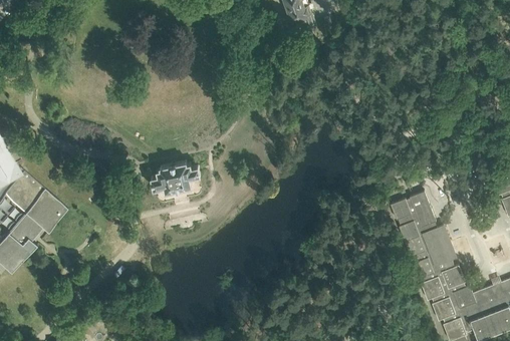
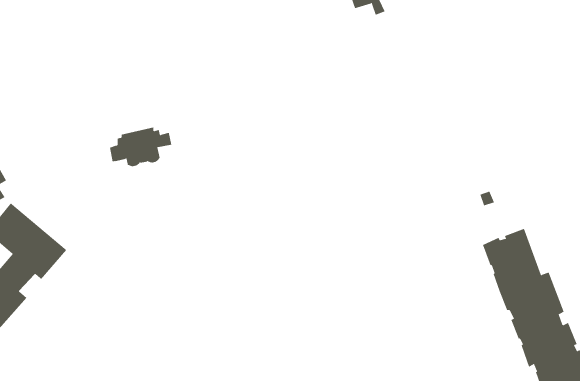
building: [152,162,201,194] -> [109,127,172,167]

